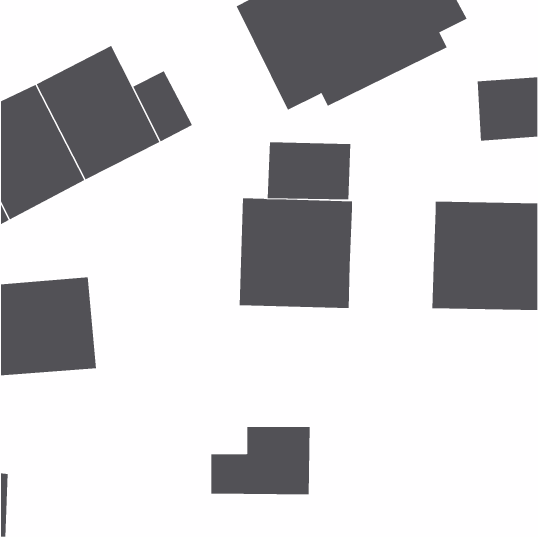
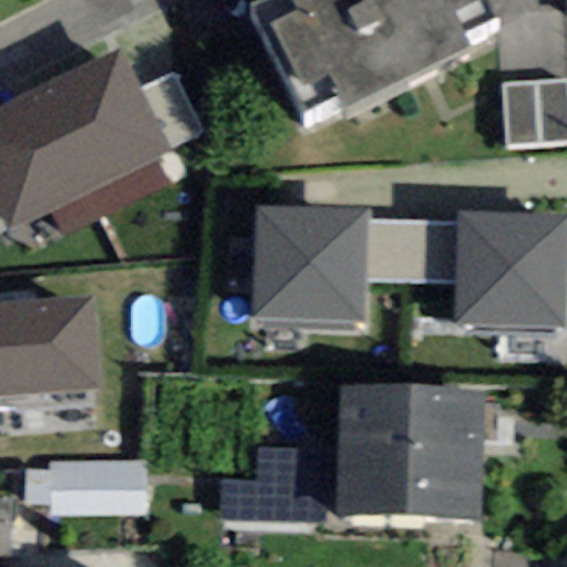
building: [267,142,351,200] -> [369,219,457,280]
building: none -> [337,388,481,522]
building: none -> [23,460,147,516]

